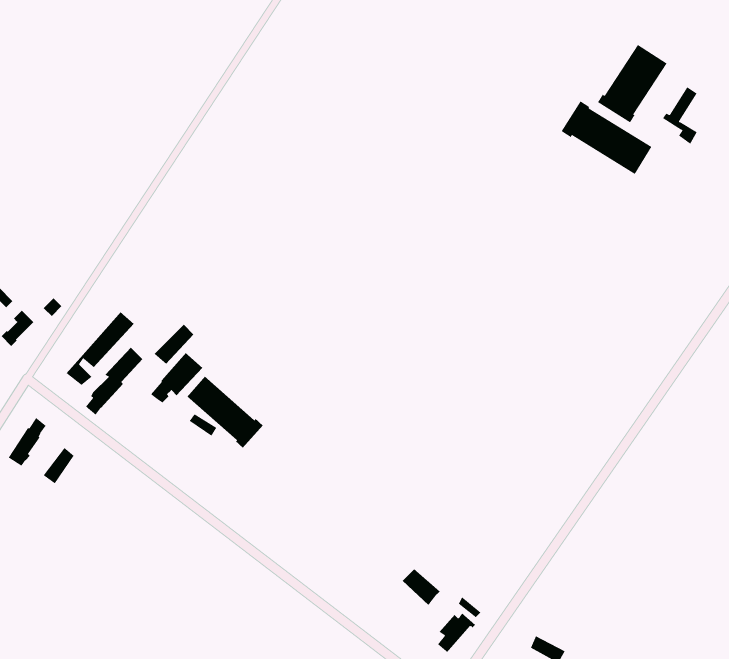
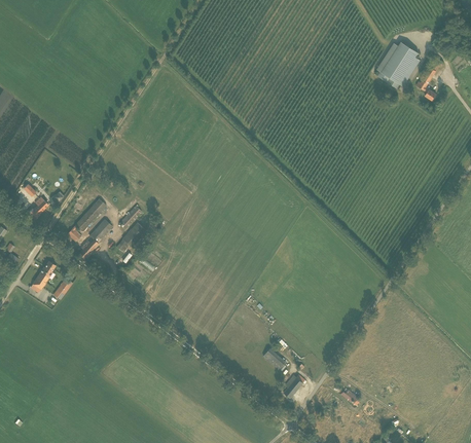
building: [561,100,652,175] -> none
building: [186,376,263,448] -> none

